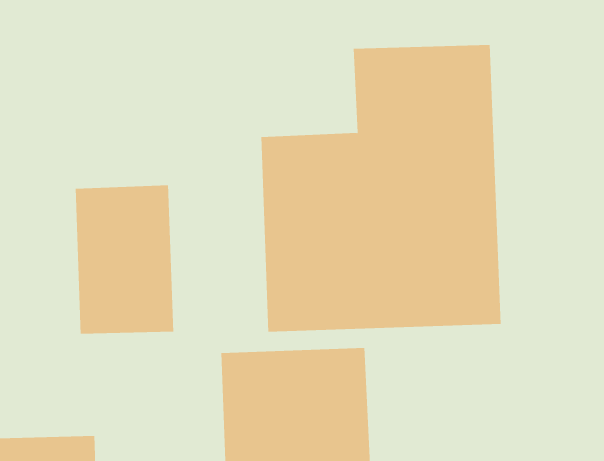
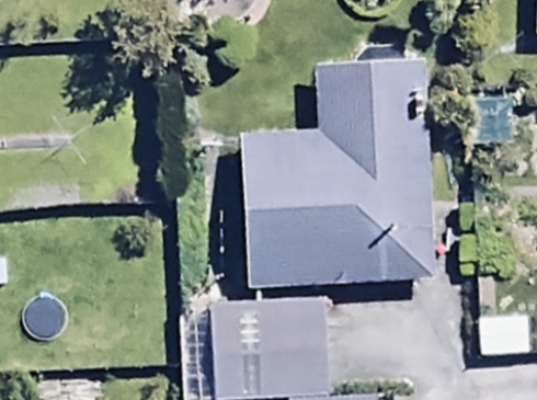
building: [75,185,174,334] -> none

